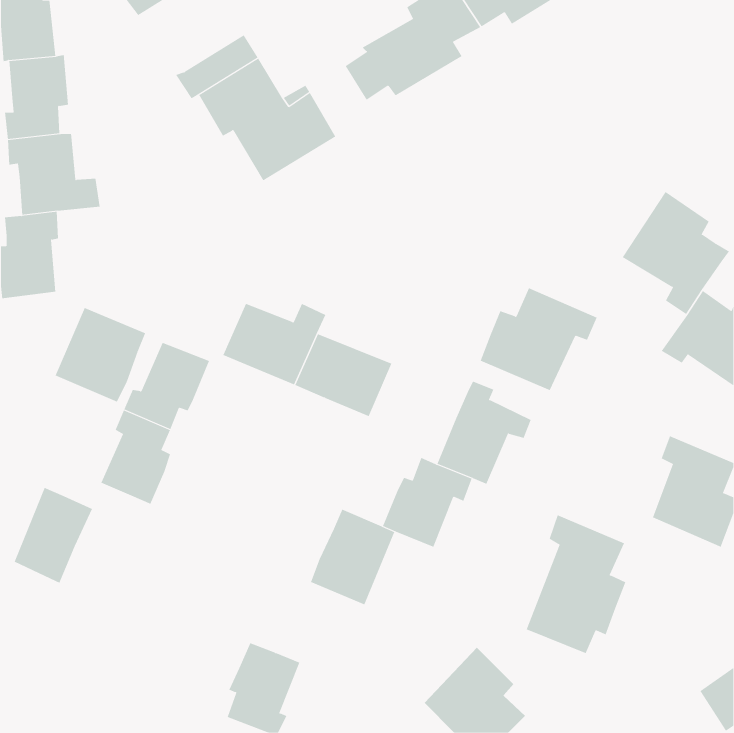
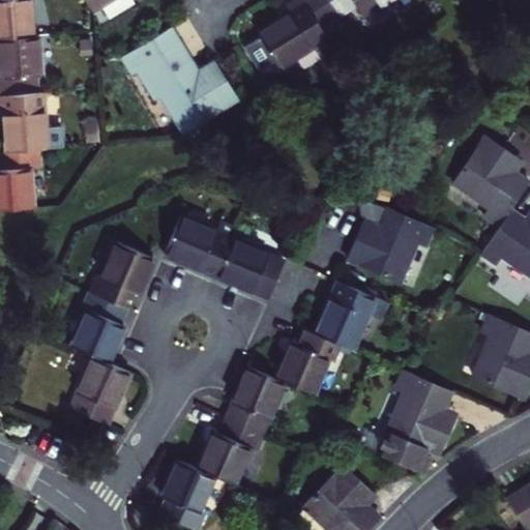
building: [55,307,146,402] -> none
building: [14,487,93,583] -> [72,357,129,426]
building: none -> [199,419,263,485]

